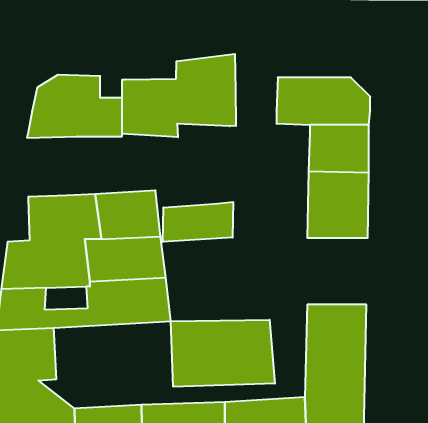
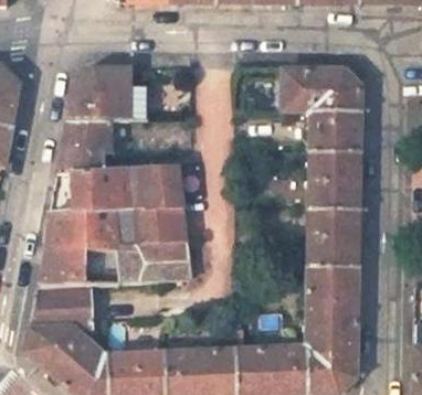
building: [122,54,236,137] -> none
building: none -> [55,120,109,174]
building: [163,202,233,242] -> none
building: none -> [307,207,359,265]
building: [171,320,275,387] -> none

